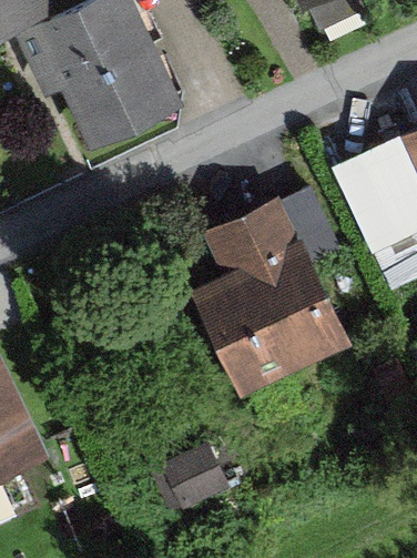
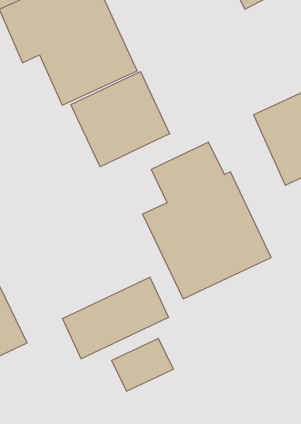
building: none -> [71,72,170,167]
building: none -> [63,277,168,359]

